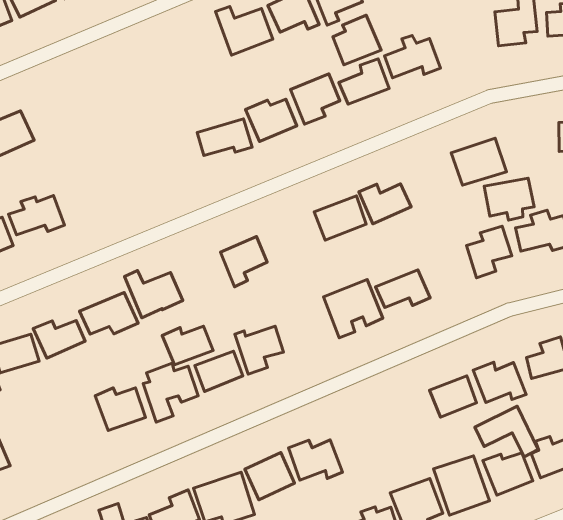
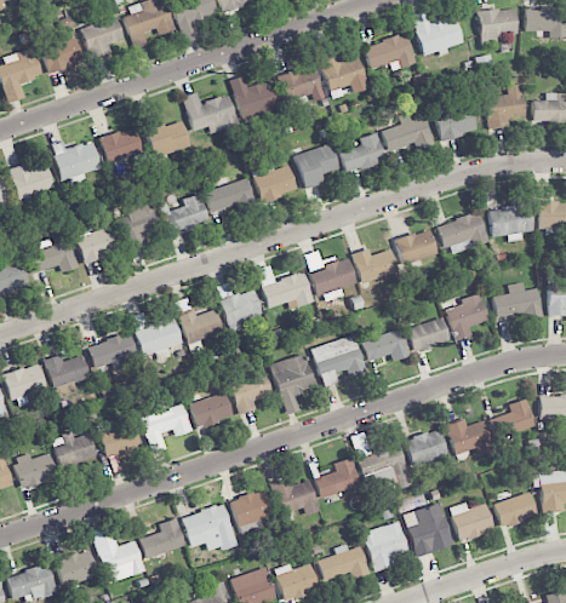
building: [333,15,381,65] -> none
building: none -> [434,102,478,140]
building: none -> [182,92,238,134]
building: none -> [145,119,190,159]
building: none -> [99,127,143,165]
building: none -> [52,142,103,183]
building: none -> [165,194,210,234]
building: none -> [118,200,162,249]
building: none -> [396,229,438,265]
building: [484,178,534,220] -> [488,205,533,242]
building: none -> [78,228,120,262]
building: none -> [258,266,314,309]
building: none -> [407,318,448,352]
building: none -> [271,354,316,414]
building: [162,326,213,365] -> [178,310,224,344]
building: none -> [53,432,98,471]
building: [475,406,538,457] -> [356,442,413,489]
building: none -> [314,458,360,499]
building: none -> [13,453,58,489]

